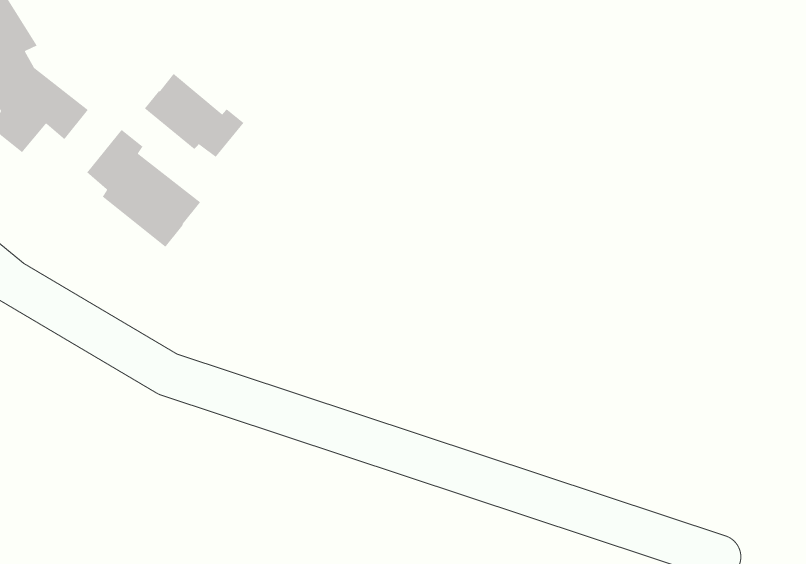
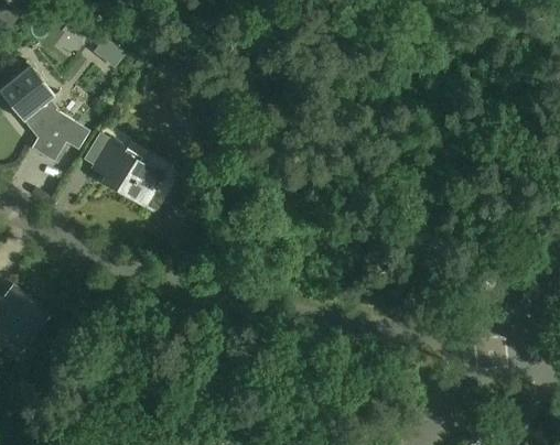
building: [144,73,244,158] -> none

